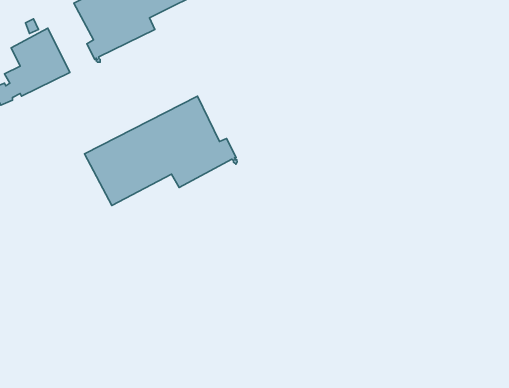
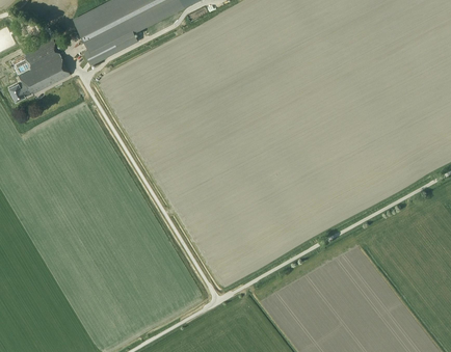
building: [84,96,237,205] -> none

